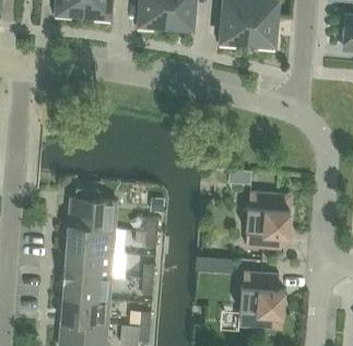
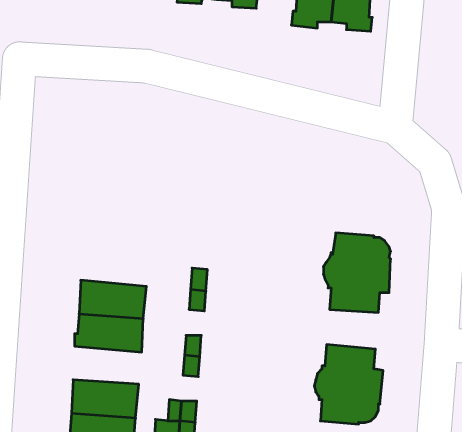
building: [68,190,117,230] -> none
building: [62,273,111,300] -> none

